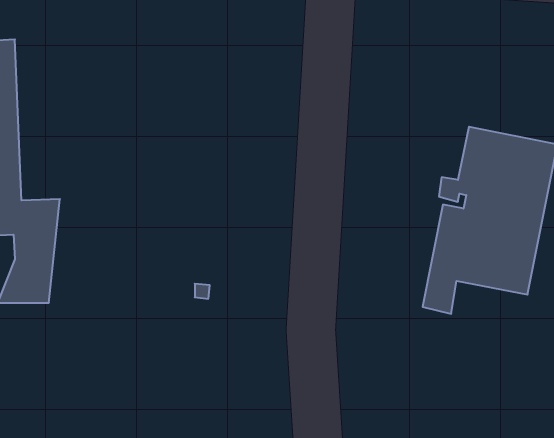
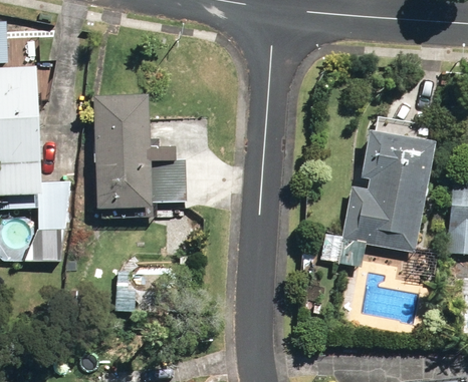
building: none -> [94,92,188,203]

